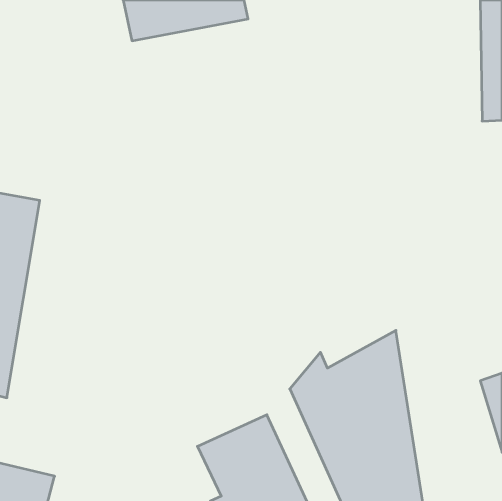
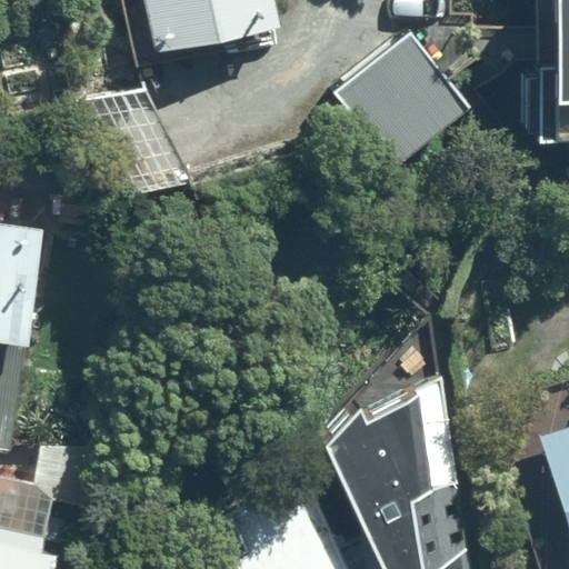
building: none -> [337,33,468,163]

